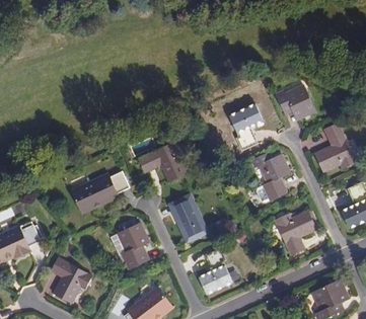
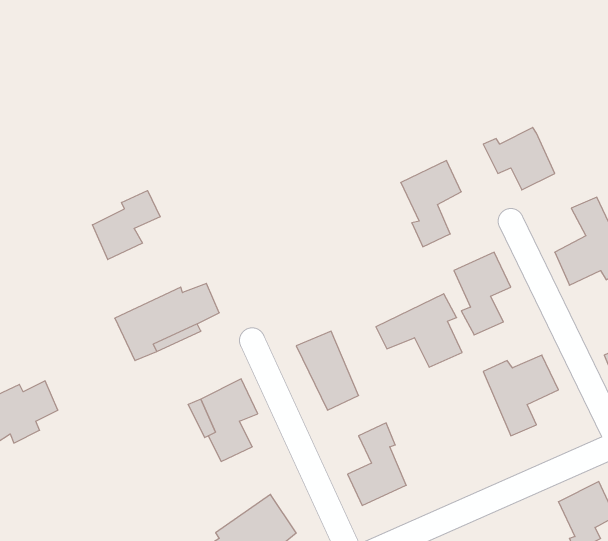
building: none -> [92,191,160,260]
building: [139,140,187,180] -> [376,294,462,367]
building: [51,256,91,302] -> none

